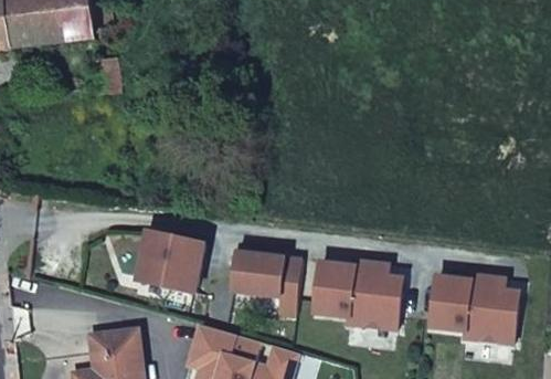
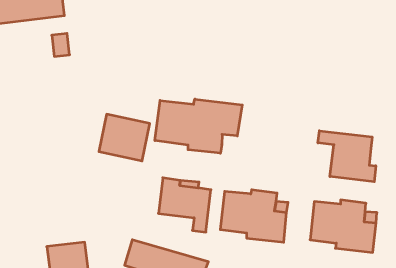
building: none -> [155,99,242,153]
building: none -> [318,131,376,182]
building: [137,232,203,293] -> [99,114,150,161]

